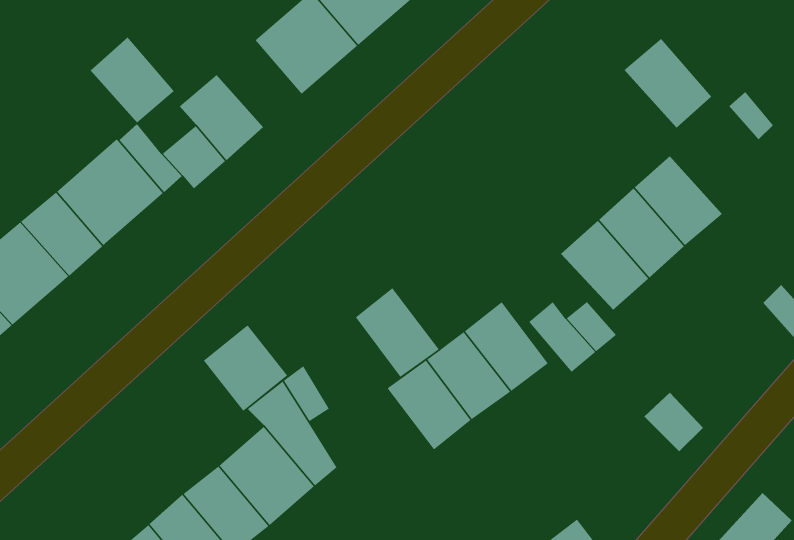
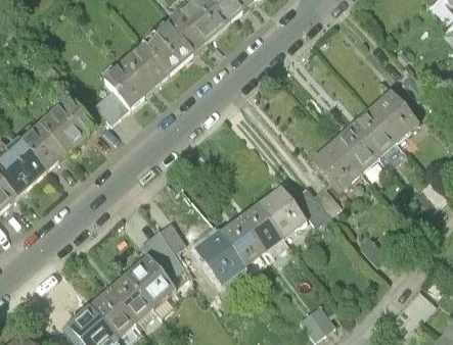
building: [90,36,175,123] -> [124,45,170,92]
building: [624,38,712,129] -> [369,90,417,139]
building: [355,287,440,378] -> [195,233,241,282]
building: [203,324,288,412] -> none

